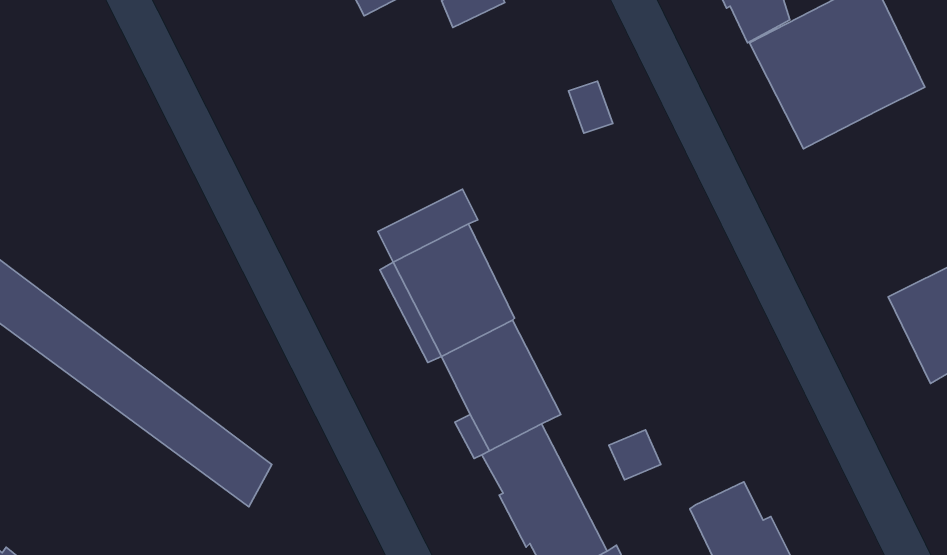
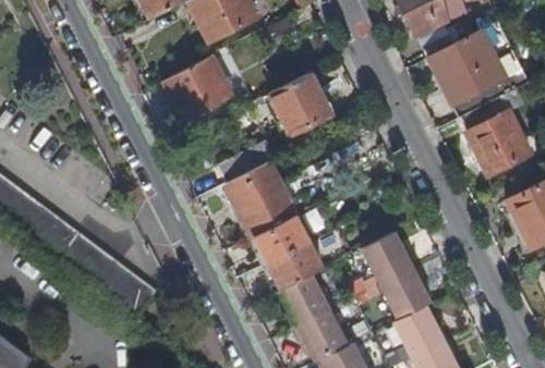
building: none -> [161,54,231,118]
building: none -> [268,72,330,134]
building: none -> [461,95,531,174]
building: none -> [362,230,431,318]

